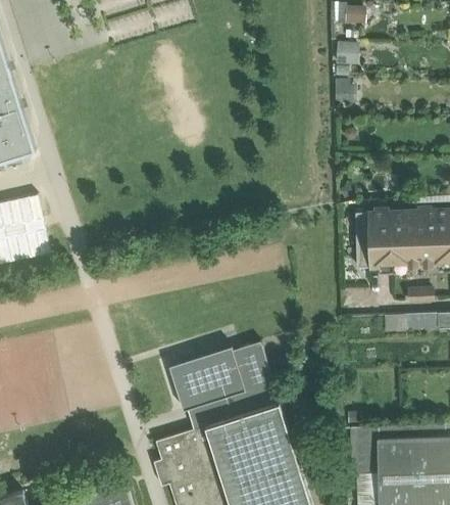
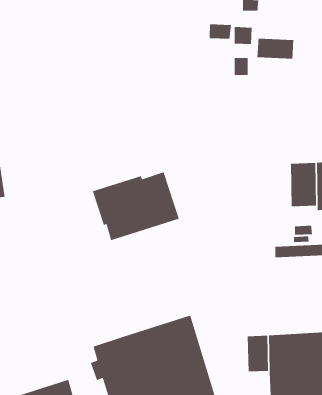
building: none -> [209,23,232,40]
building: none -> [257,38,294,60]
building: [355,212,405,274] -> none
building: [169,341,280,429] -> [92,171,180,241]

